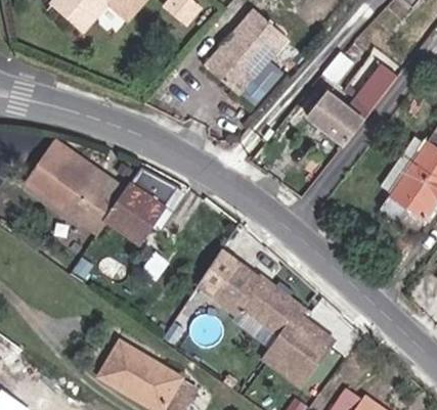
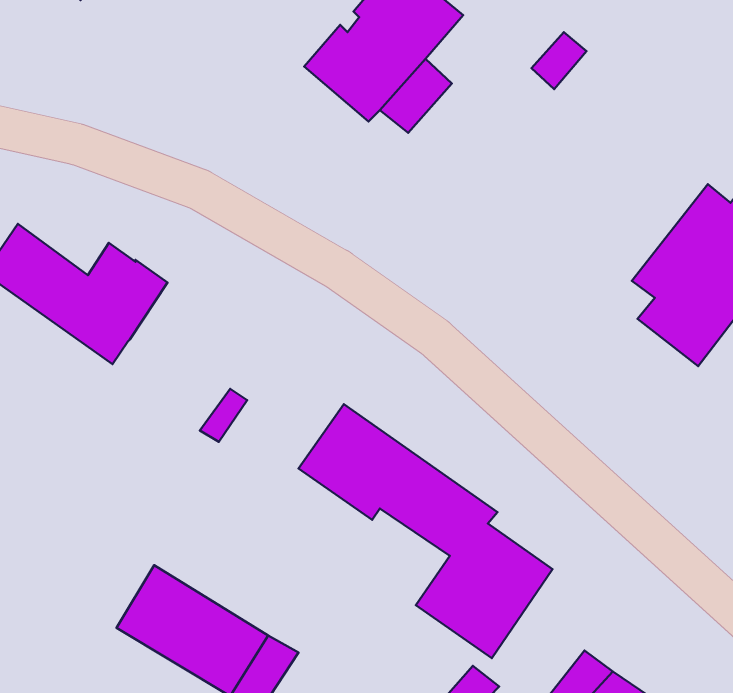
building: [307,61,398,147] -> none
building: [46,138,95,182] -> none
building: [106,166,176,239] -> none

